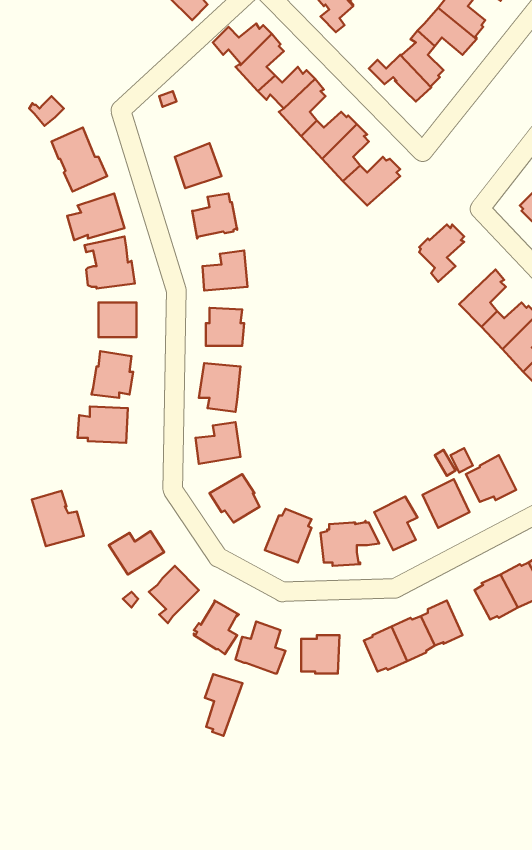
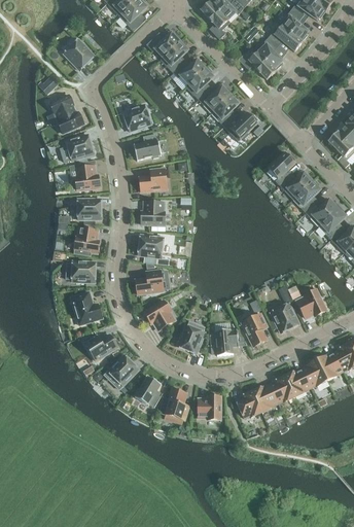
building: none -> [64,38,94,69]
building: none -> [280,171,314,199]
building: [32,491,84,546] -> [71,290,102,323]
building: none -> [285,368,311,395]
building: [205,674,243,736] -> none

